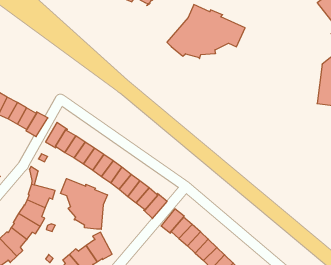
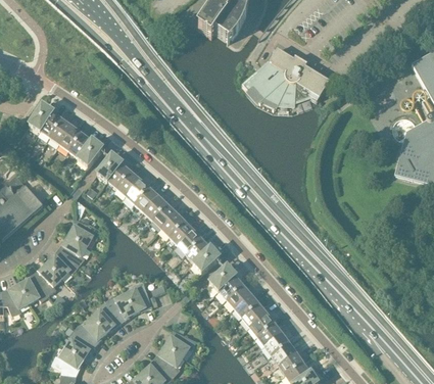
building: [61,179,107,229] -> none

